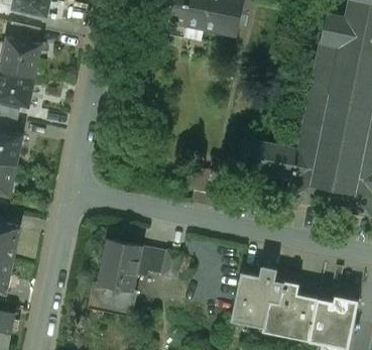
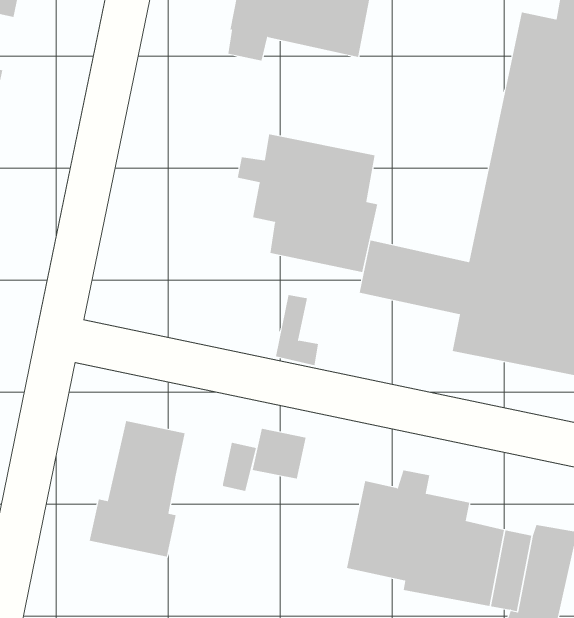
building: none -> [237,133,378,273]
building: [136,245,166,273] -> [252,428,307,479]

